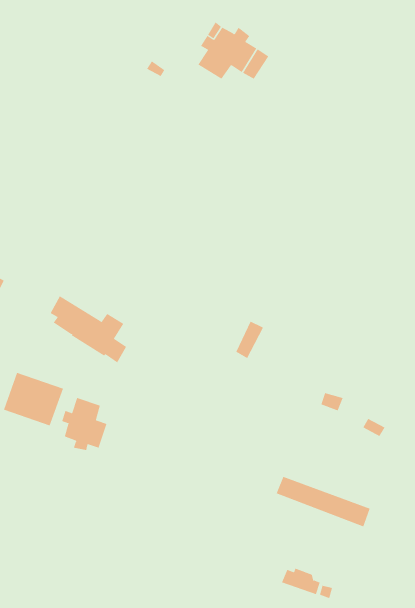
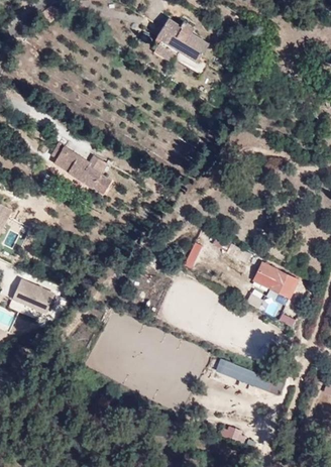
building: [50,296,127,363] -> [51,141,109,192]
building: none -> [252,262,300,301]
building: [61,397,107,451] -> none

